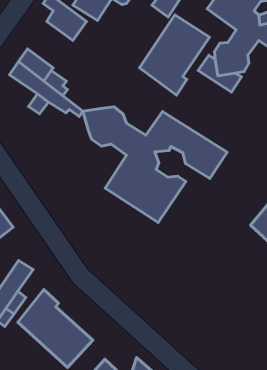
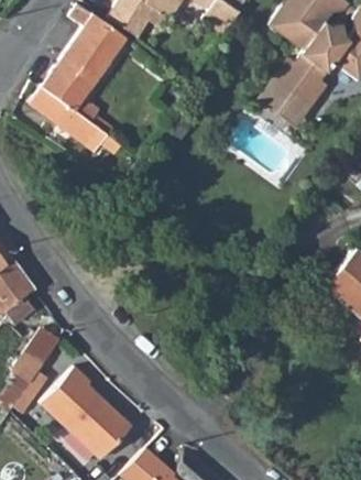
building: [139,15,209,95] -> none
building: none -> [53,39,108,95]
building: [83,107,227,222] -> none

